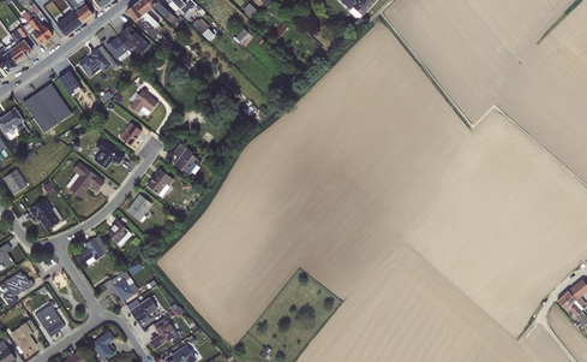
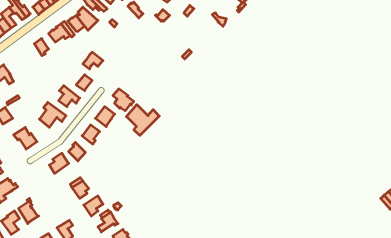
building: [24,83,72,131] -> none
building: none -> [126,105,159,135]

